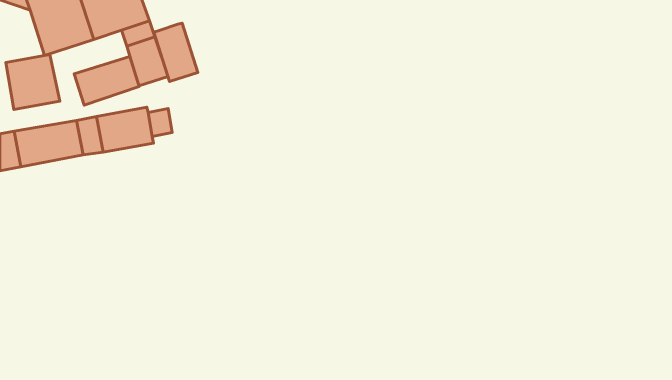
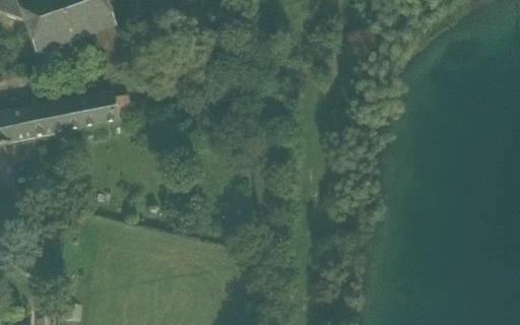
building: [154,23,198,81] -> none
building: [6,54,60,110] -> none
building: [74,56,139,105] -> none

